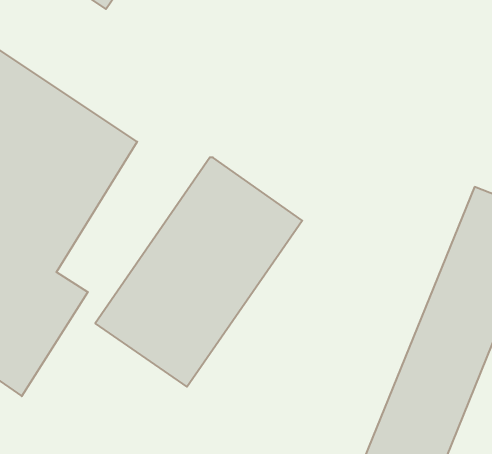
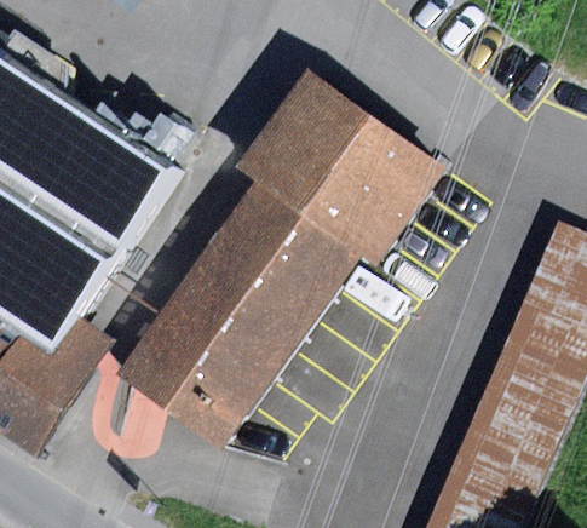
building: none -> [234,69,445,269]

